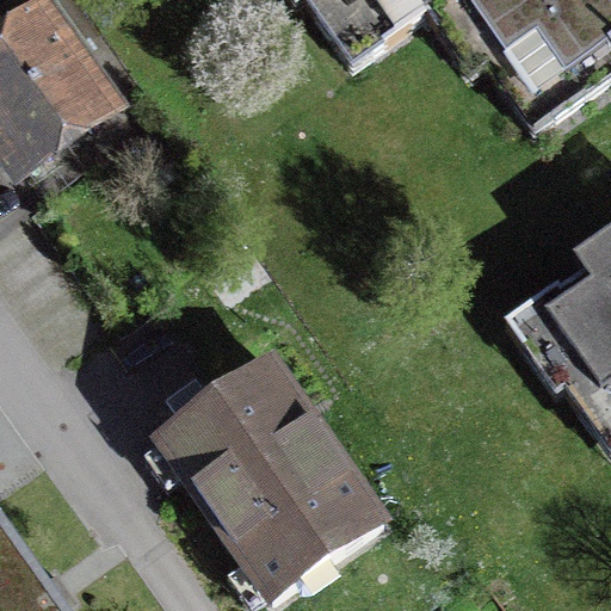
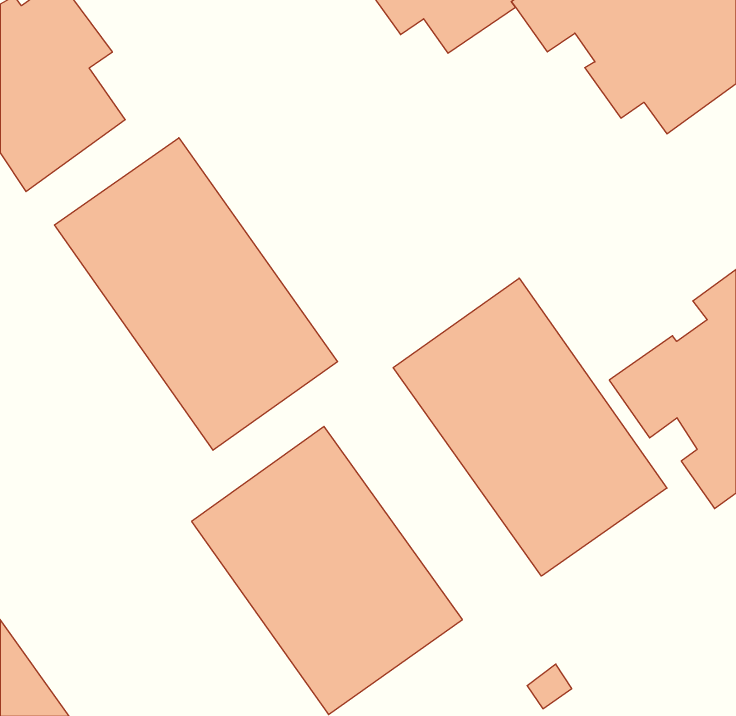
building: none -> [54,138,338,450]
building: none -> [393,278,667,576]

